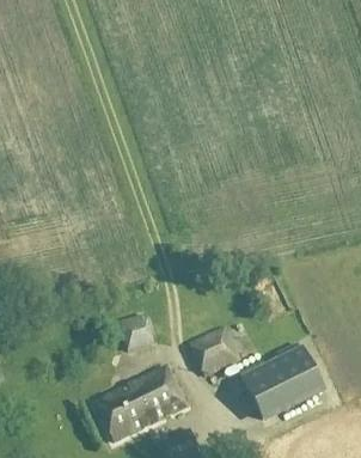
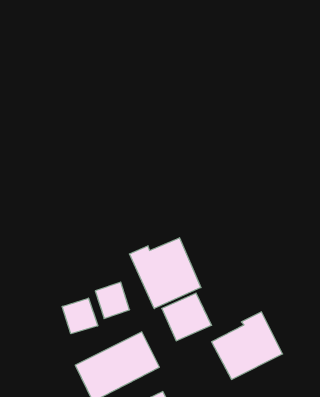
building: none -> [130,238,201,309]
building: none -> [62,298,98,334]

